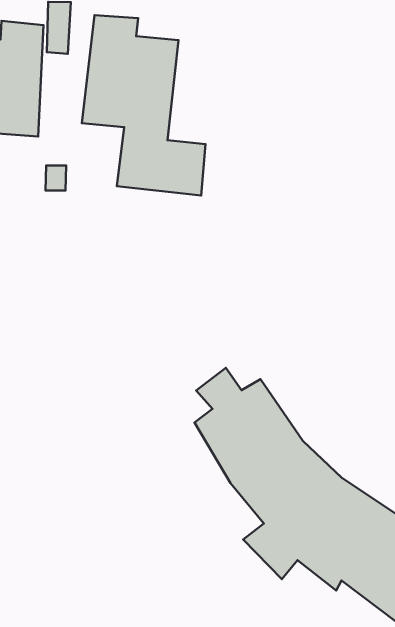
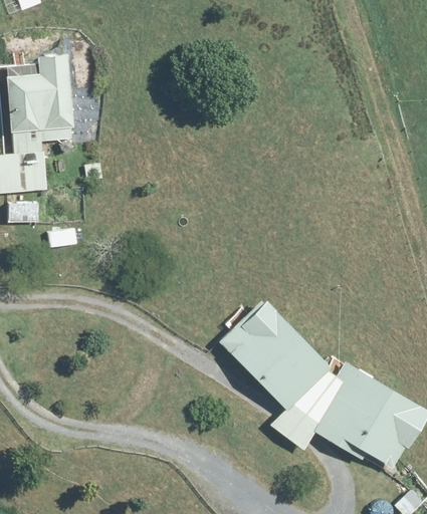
building: [82,15,205,196] -> none

